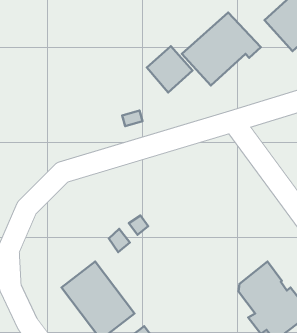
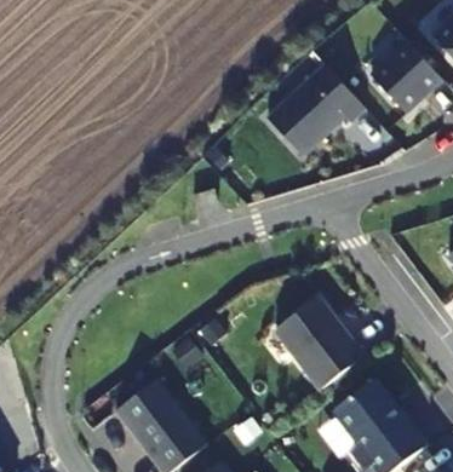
building: [147,46,192,92] -> none
building: none -> [274,297,363,390]

